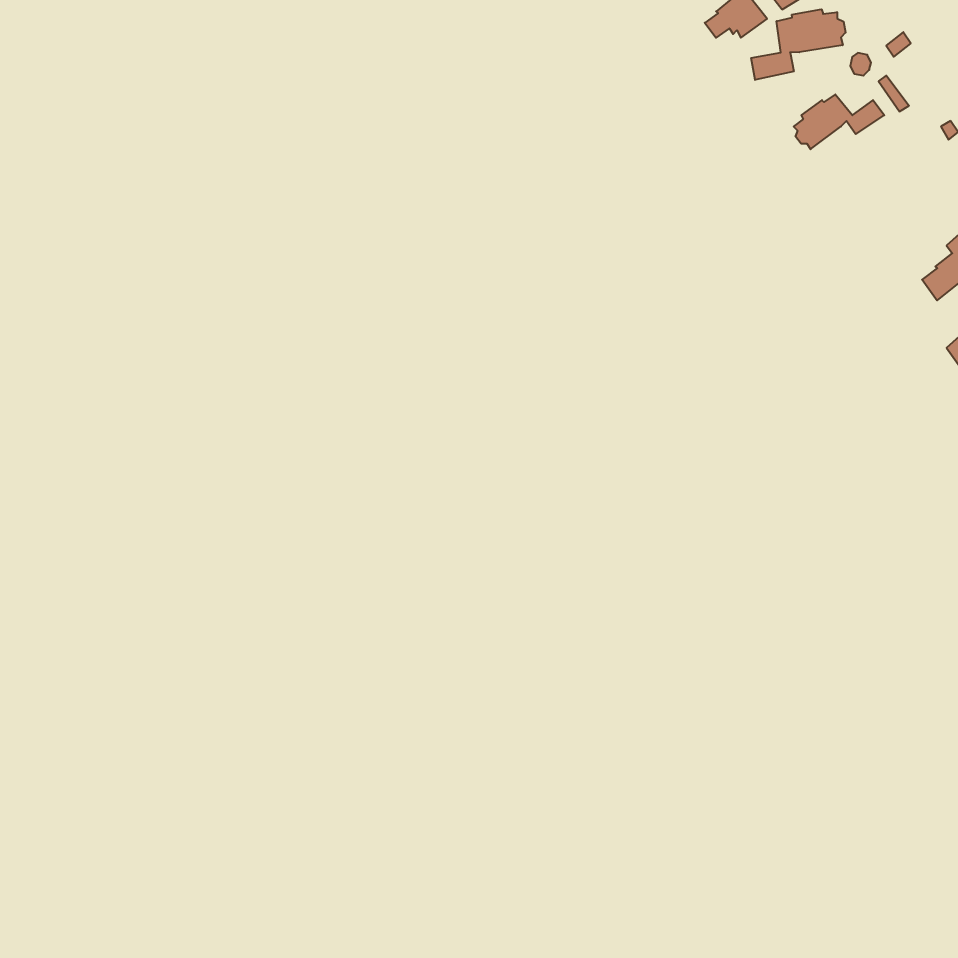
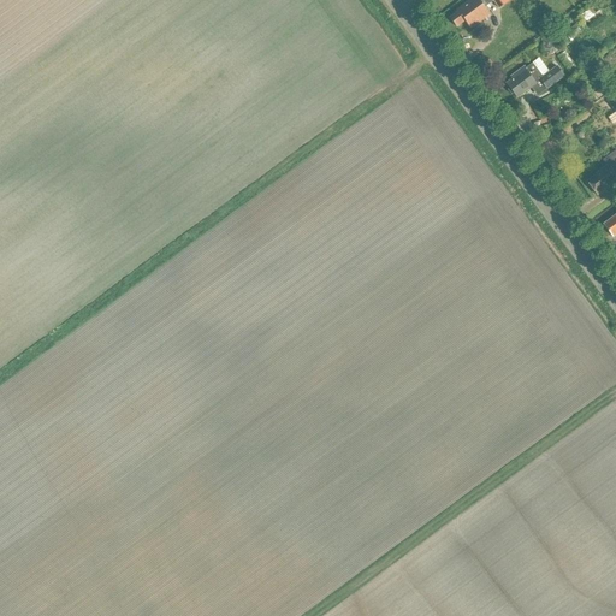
building: [751,9,846,80] -> none

